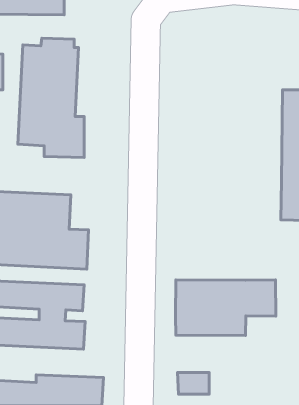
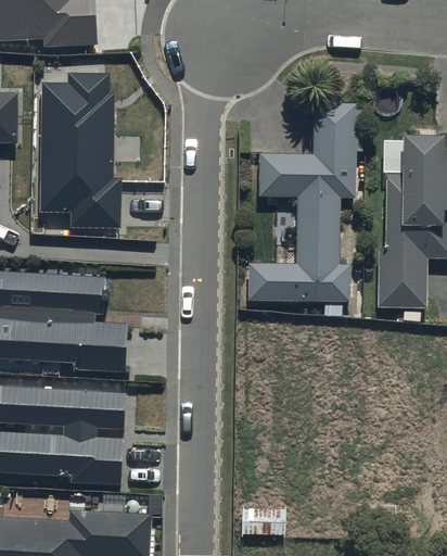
building: none -> [247,103,355,302]
building: [175,280,276,336] -> none

